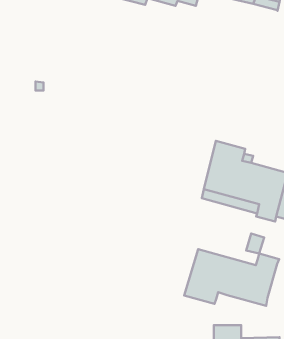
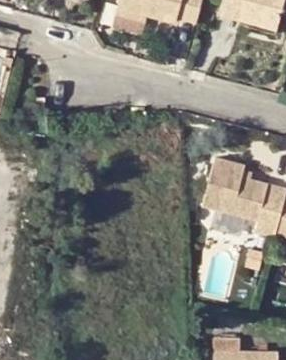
building: [184,249,279,306] -> none

